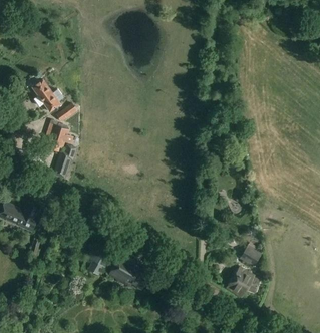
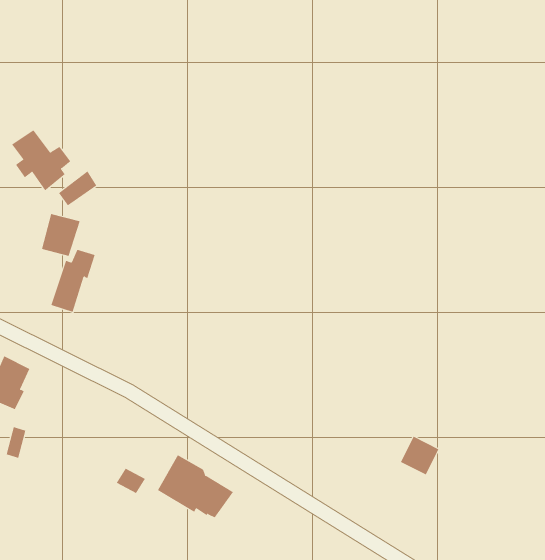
building: [227,267,261,296] -> none

